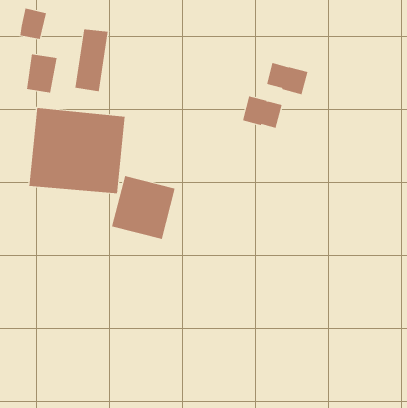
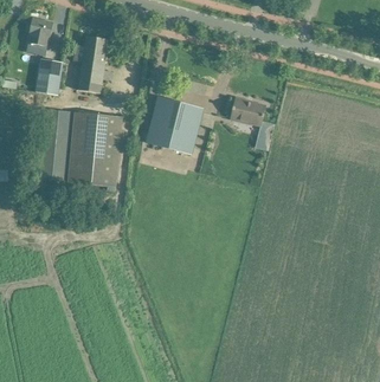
building: [266,62,308,95] -> none
building: [111,175,175,240] -> [146,96,204,154]

